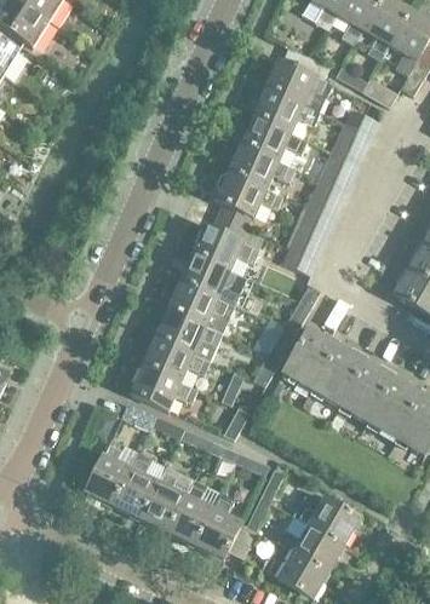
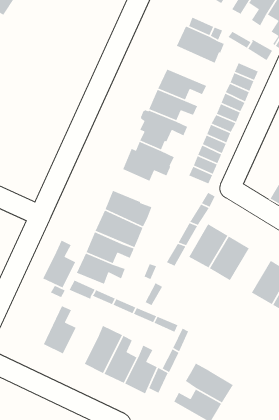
building: [253,87,320,133] -> none
building: [179,254,247,298] -> none
building: [339,361,394,421] -> none
building: [113,451,159,518] -> [42,239,76,289]
building: [292,493,360,546] -> none

